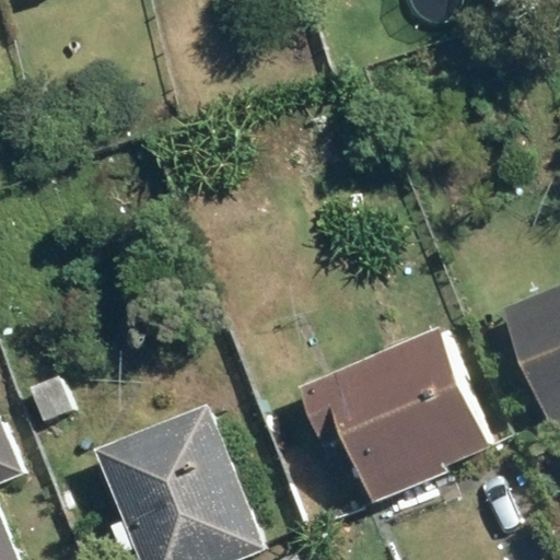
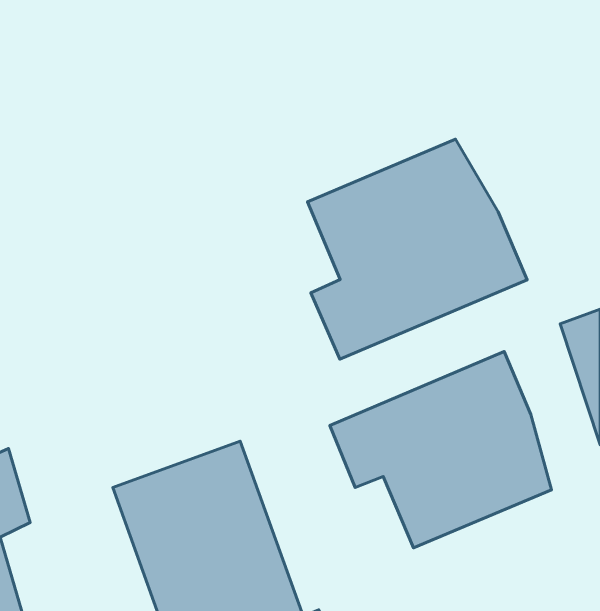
building: none -> [307,139,527,359]

